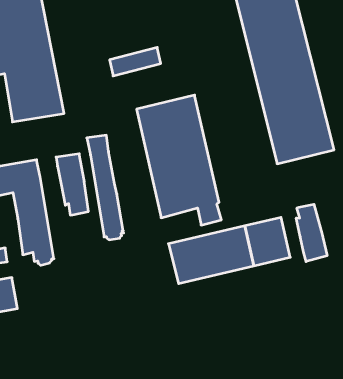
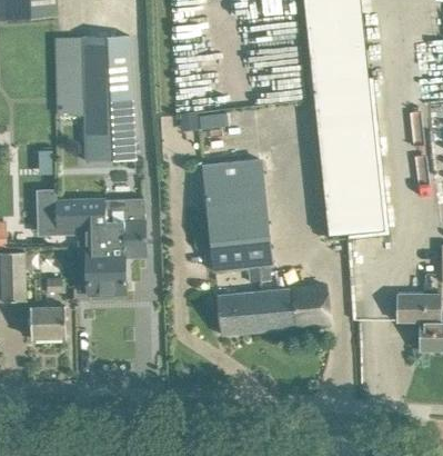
building: [87,135,124,240] -> [103,199,125,298]
building: [296,204,327,262] -> none

